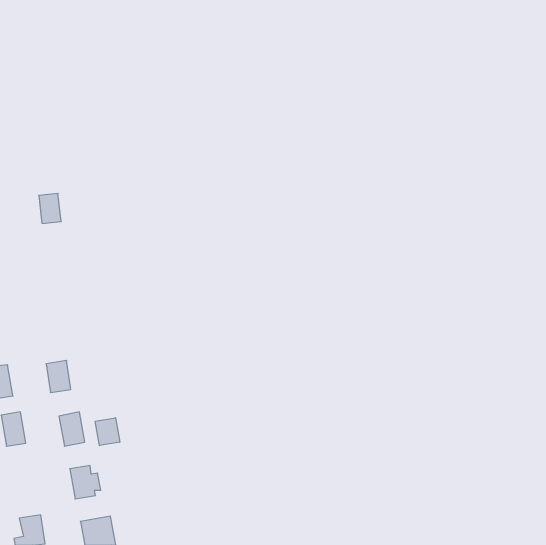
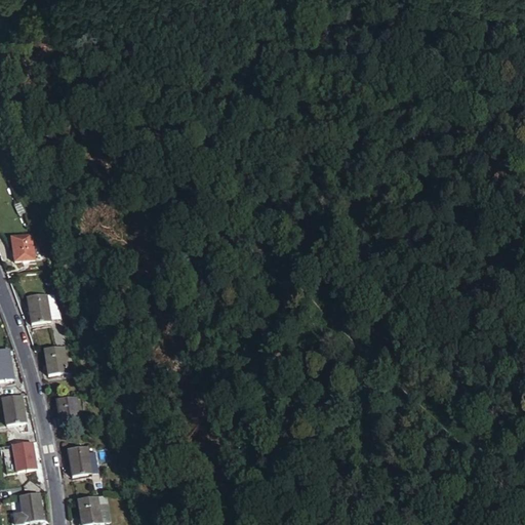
building: [39,193,61,223] -> [11,234,33,262]
building: none -> [27,290,62,324]
building: [95,418,120,446] -> none
building: none -> [11,440,36,473]

